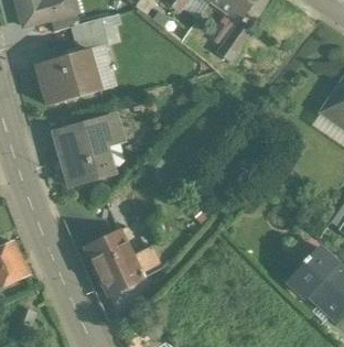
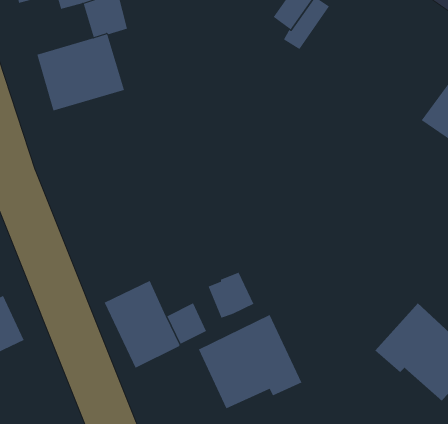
building: [56,115,118,184] -> none
building: none -> [208,272,254,318]
building: none -> [198,314,302,409]

